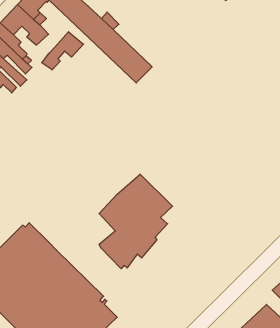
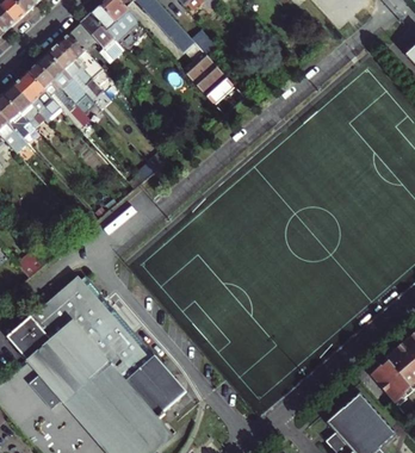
building: [42,32,84,70] -> none
building: [99,174,173,269] -> none

